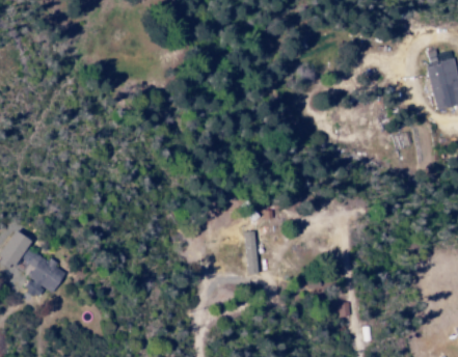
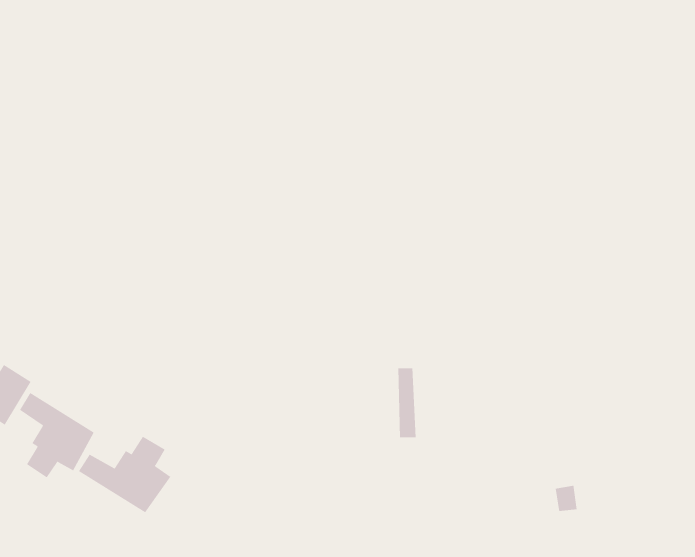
building: none -> [78,436,171,513]

